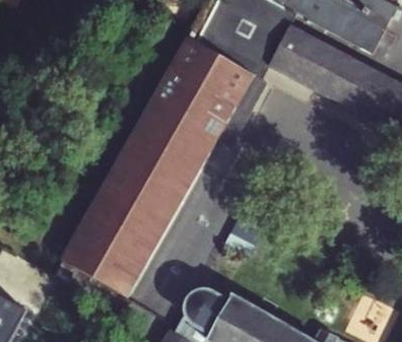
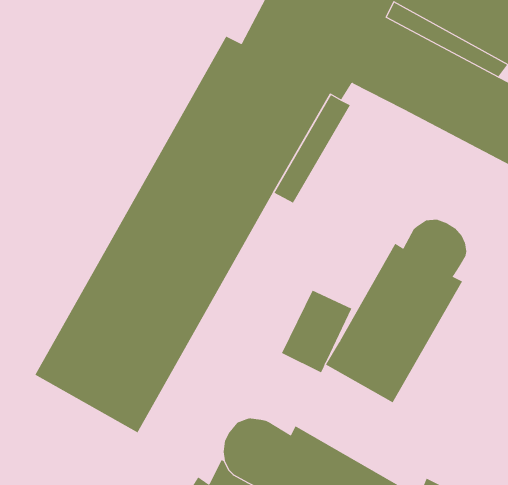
building: none -> [325,219,467,403]

